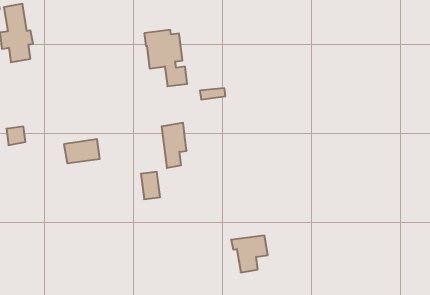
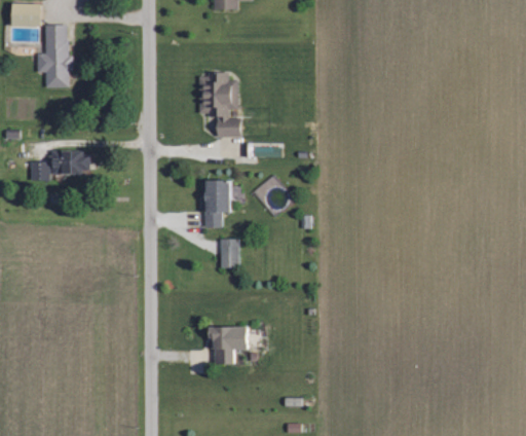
building: [64,139,100,163] -> [52,151,90,174]
building: [141,172,160,199] -> [221,239,239,267]
building: [231,236,268,272] -> [209,327,248,365]

